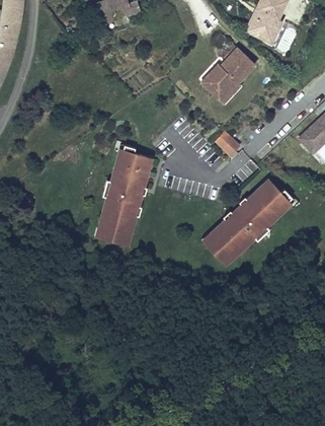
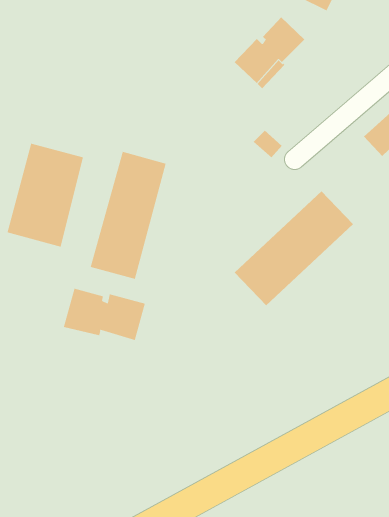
building: none -> [7,143,84,247]
building: none -> [63,288,145,341]

